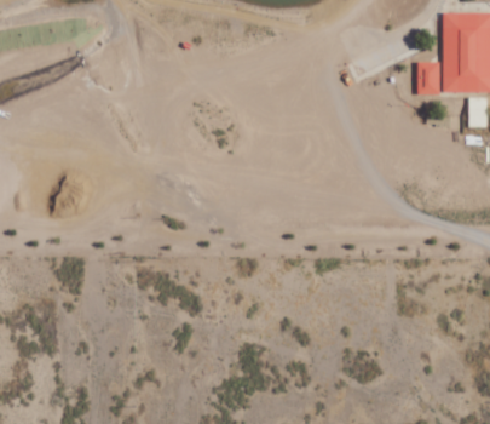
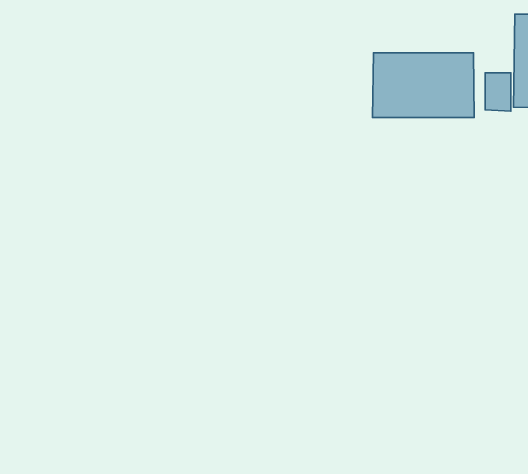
building: none -> [373,53,474,118]

